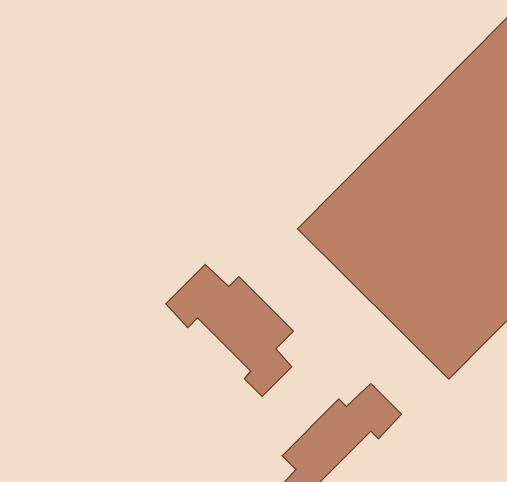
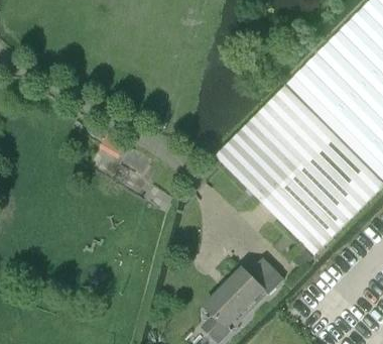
building: [166,264,293,396] -> none

